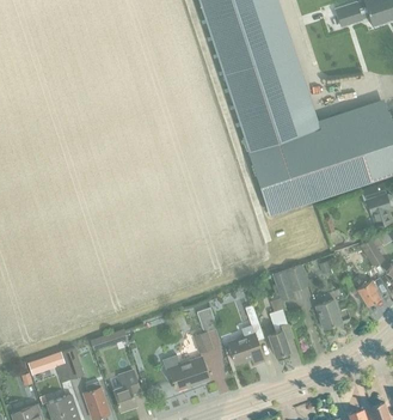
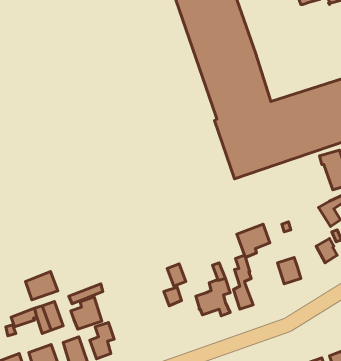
building: none -> [25,271,58,300]
building: none -> [71,297,102,329]
building: [162,353,209,390] -> none

